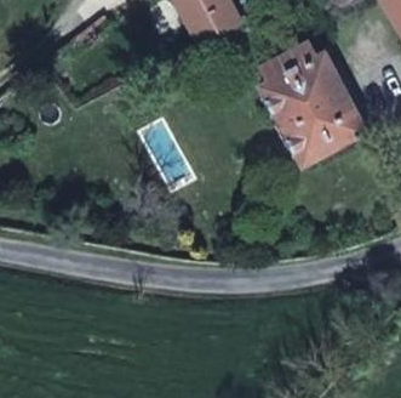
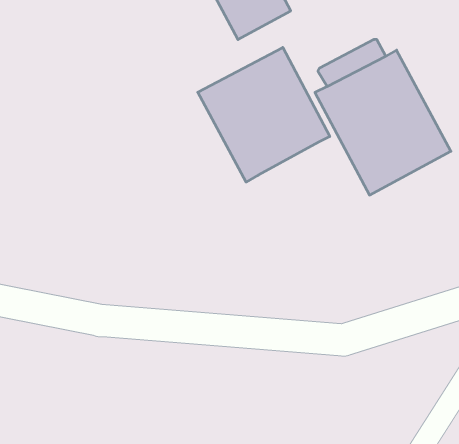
building: none -> [198,47,330,182]

